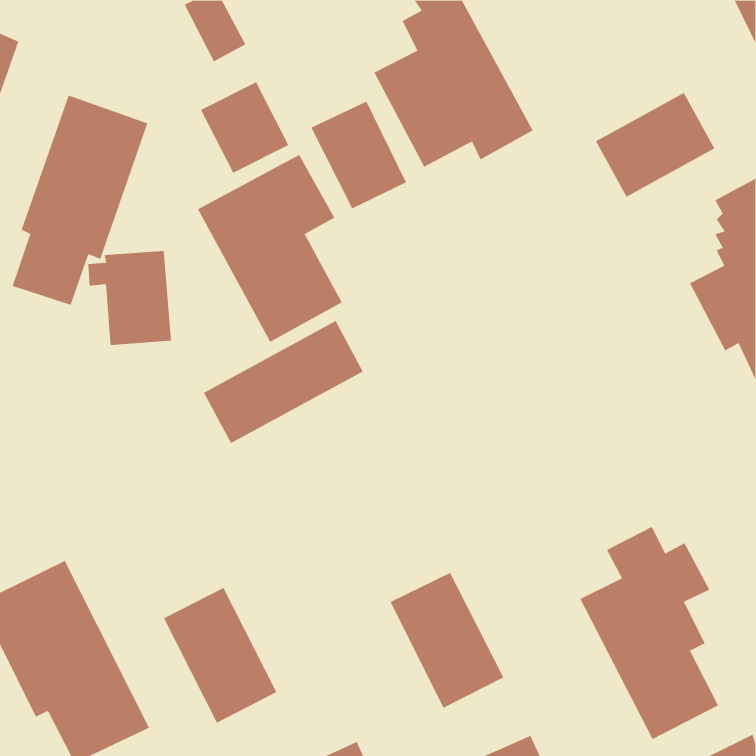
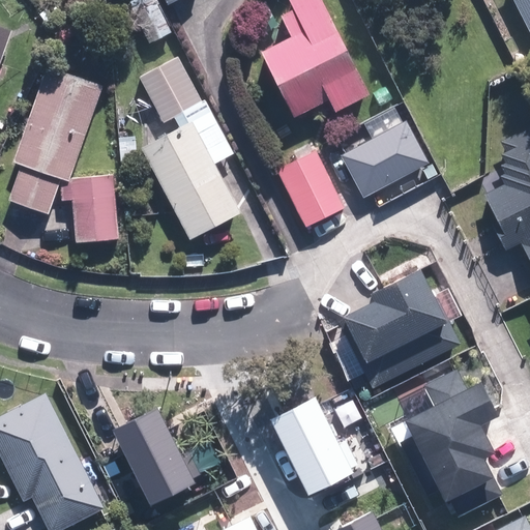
building: [595,92,715,197] -> [343,123,426,197]
building: [310,101,407,209] -> [276,151,344,227]
building: [203,320,363,444] -> none
building: none -> [337,265,460,386]

